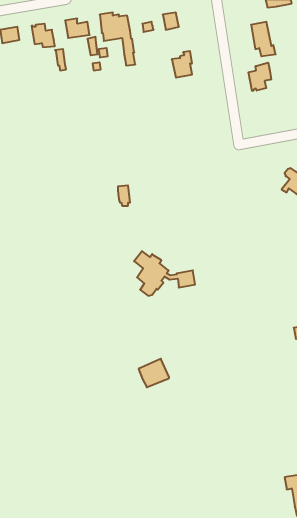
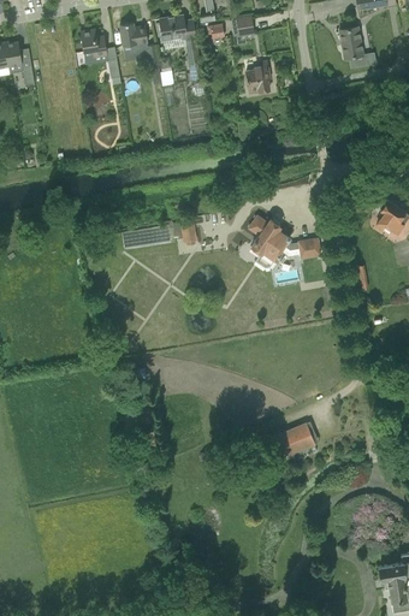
building: [248,63,271,91] -> none
building: [134,251,195,296] -> [248,215,320,268]
building: [139,359,169,387] -> [278,422,314,456]

